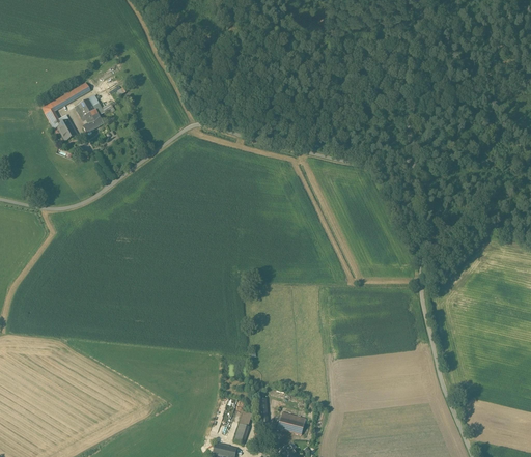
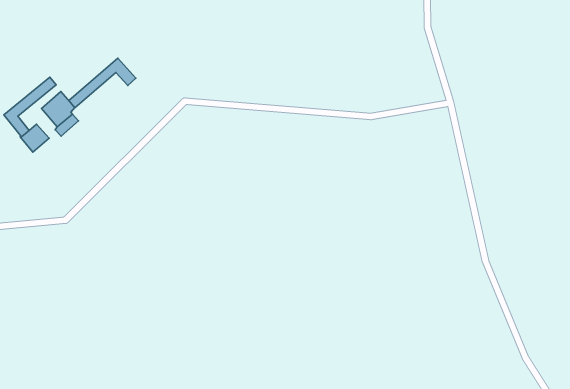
building: none -> [69,58,136,108]

